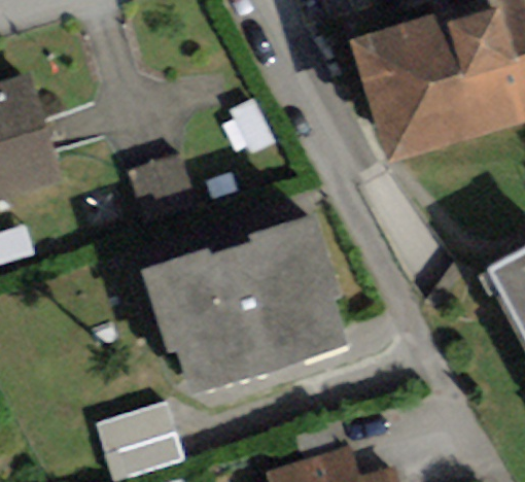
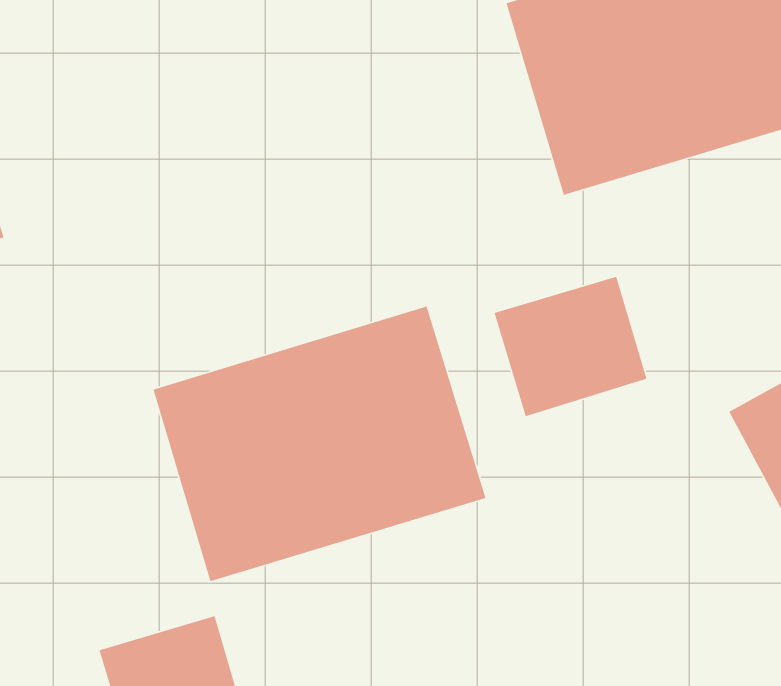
building: none -> [494,276,648,417]

